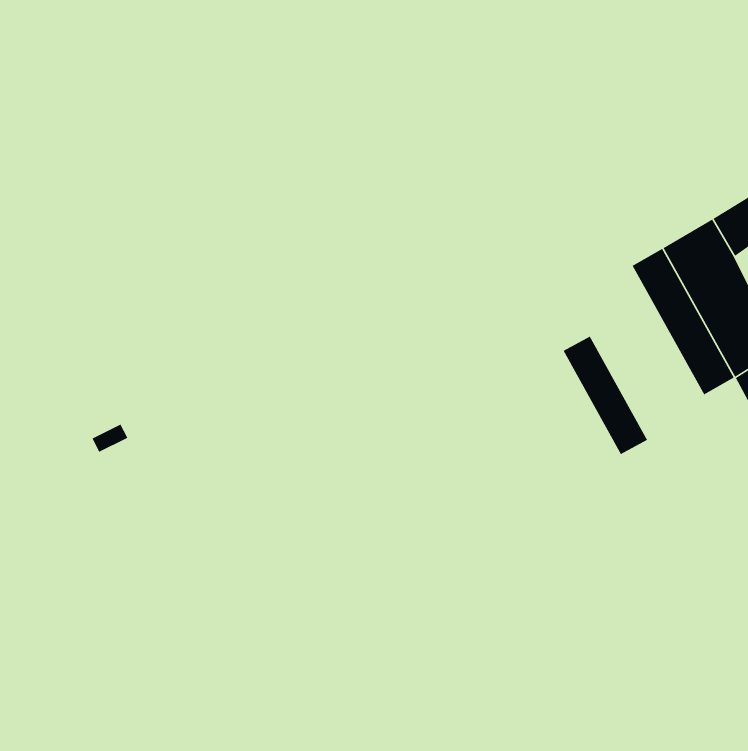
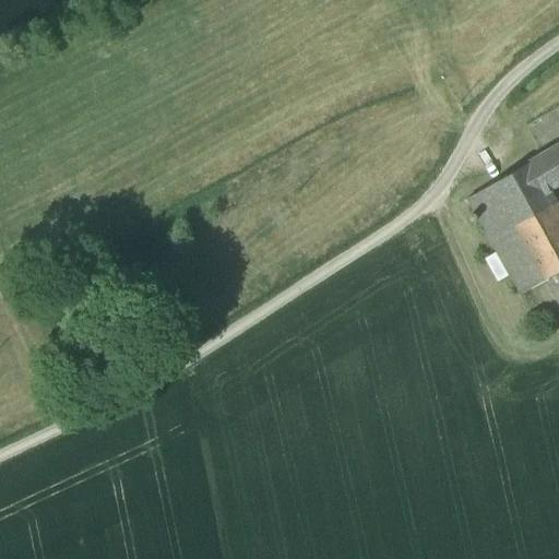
building: [562,336,648,455] -> none

